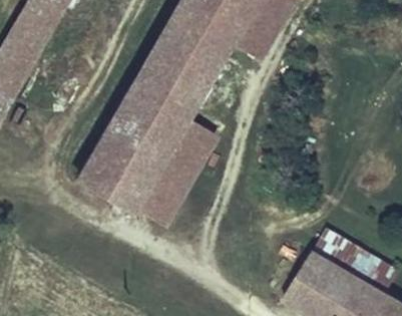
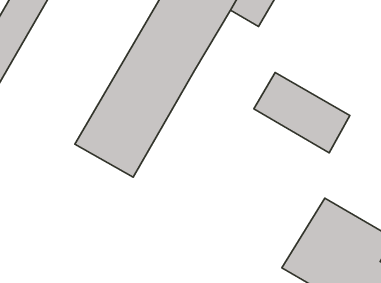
building: [135,102,226,227] -> none
building: none -> [254,72,350,153]

